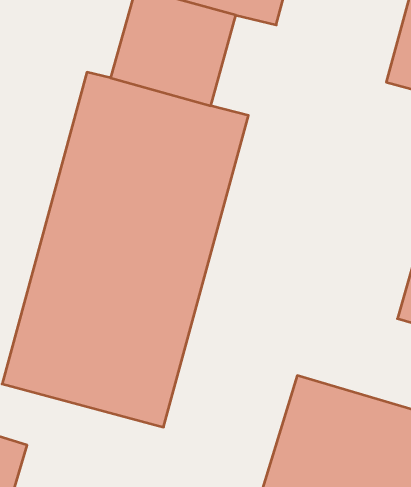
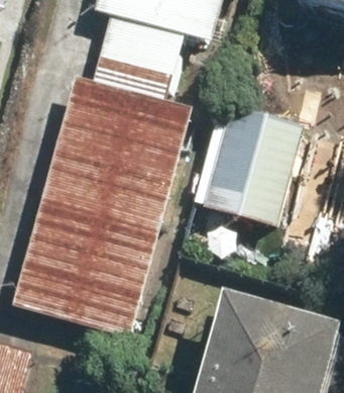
building: none -> [205,104,305,225]

